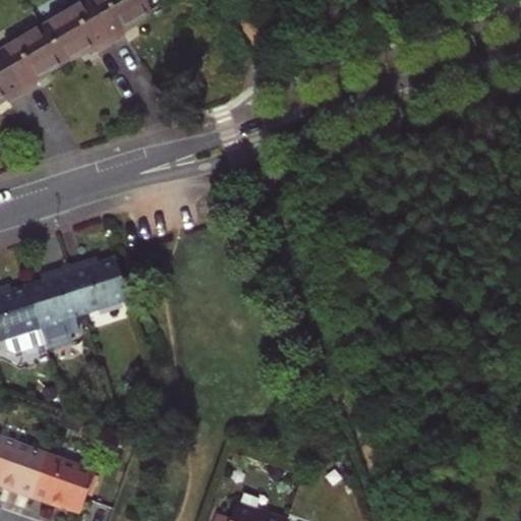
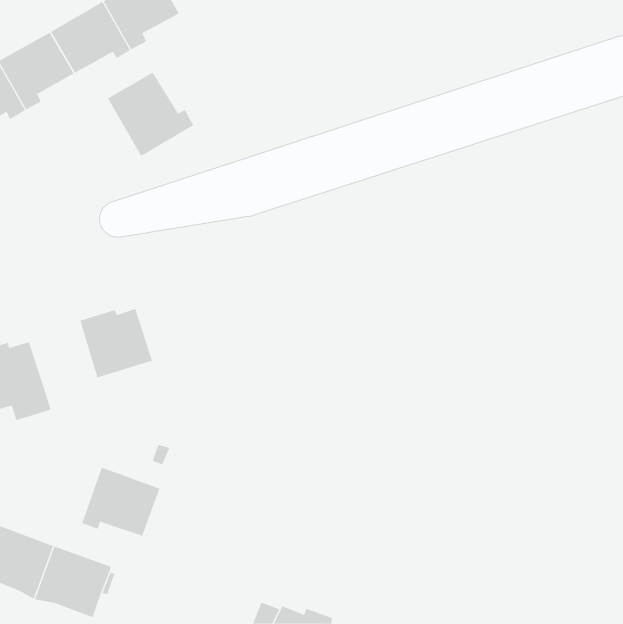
building: none -> [107,72,194,157]
building: [24,267,83,343] -> none
building: none -> [81,467,160,536]

